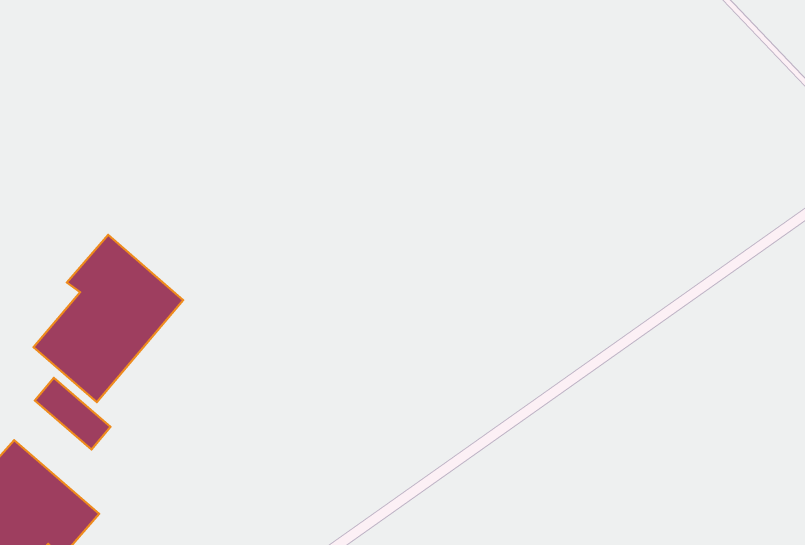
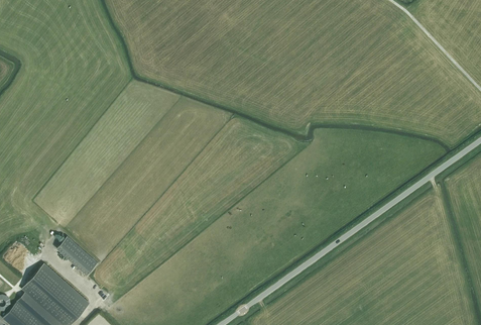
building: [33,235,183,402] -> none

